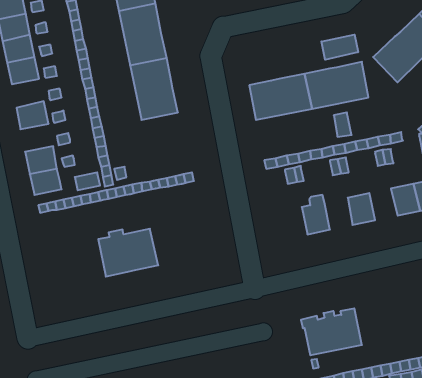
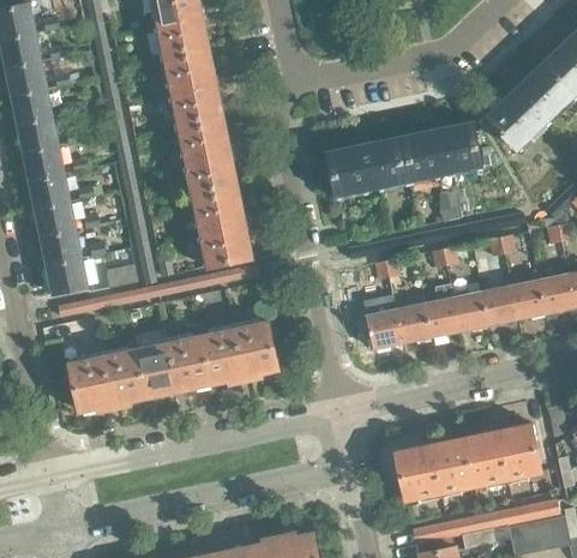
building: [321,35,358,60] -> none
building: none -> [24,145,65,182]
building: none -> [190,188,251,269]
building: none -> [35,203,77,239]
building: none -> [423,283,459,338]
building: none -> [481,286,517,326]
building: none -> [362,296,402,350]
building: none -> [200,323,277,385]
building: none -> [68,350,144,413]
building: none -> [462,425,540,486]

